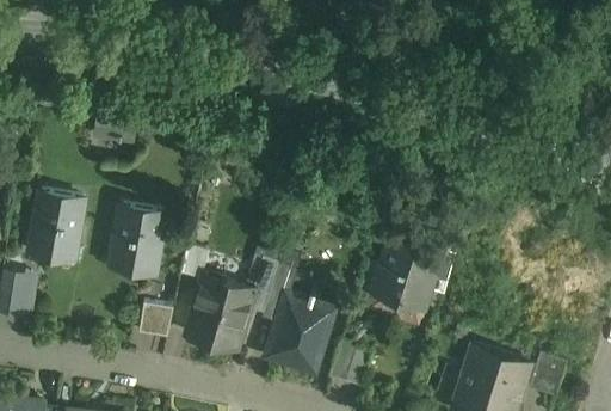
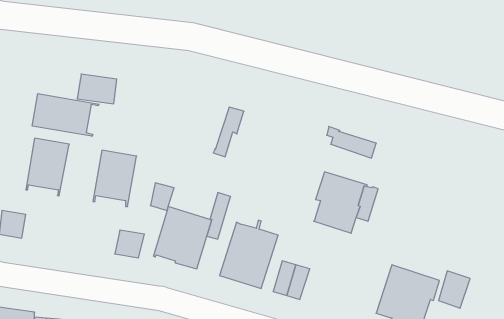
building: none -> [32,94,99,136]
building: [261,262,298,321] -> [213,107,244,157]
building: [364,284,424,323] -> [327,126,376,158]

